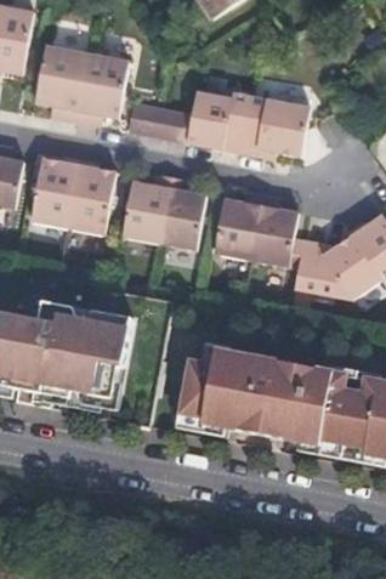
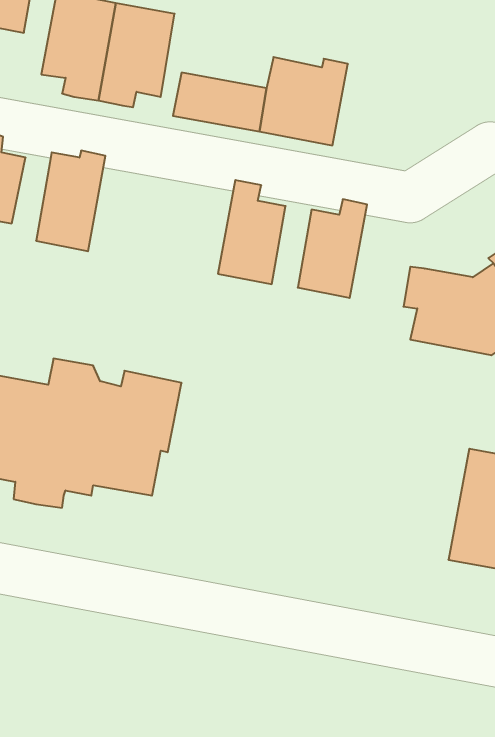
building: [238,96,310,159] -> none
building: [67,160,115,234] -> none
building: [121,174,170,243] -> none
building: [250,194,297,267] -> none
building: [178,345,334,443] -> none

